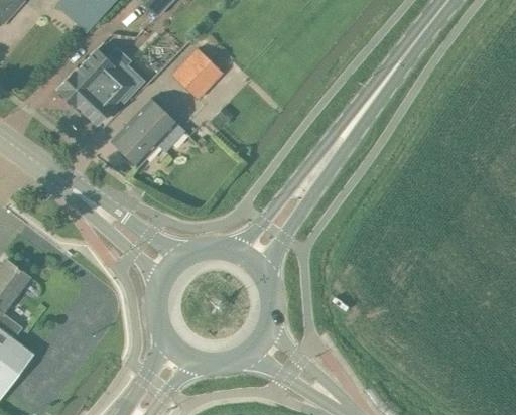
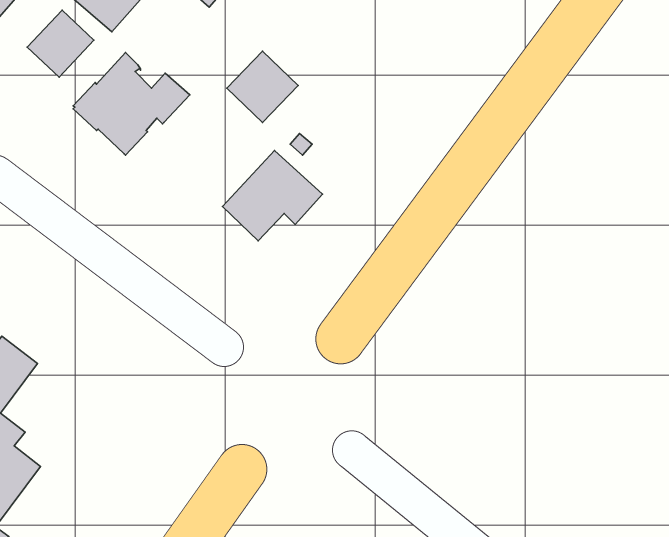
building: none -> [27,10,94,77]
building: [112,98,185,164] -> [222,150,323,241]

